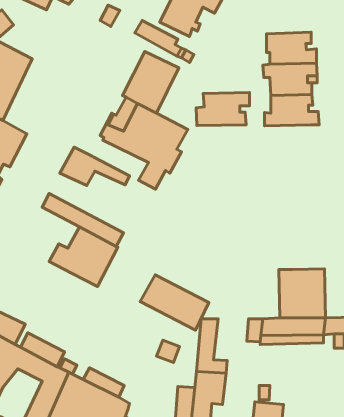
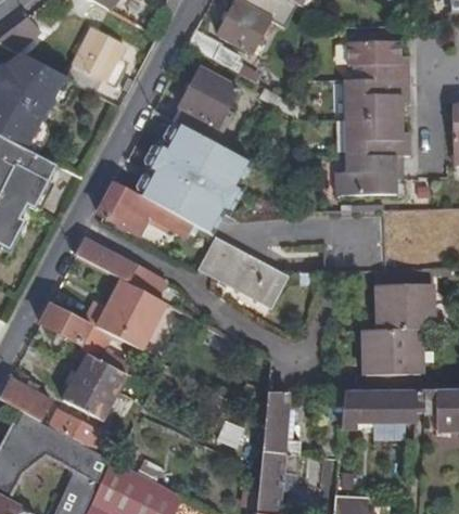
building: none -> [63,28,122,91]
building: [196,93,250,126] -> [336,156,401,196]
building: none -> [138,175,204,223]
building: none -> [375,269,431,332]
building: none -> [39,306,124,422]
building: [140,275,209,330] -> [197,235,281,303]

